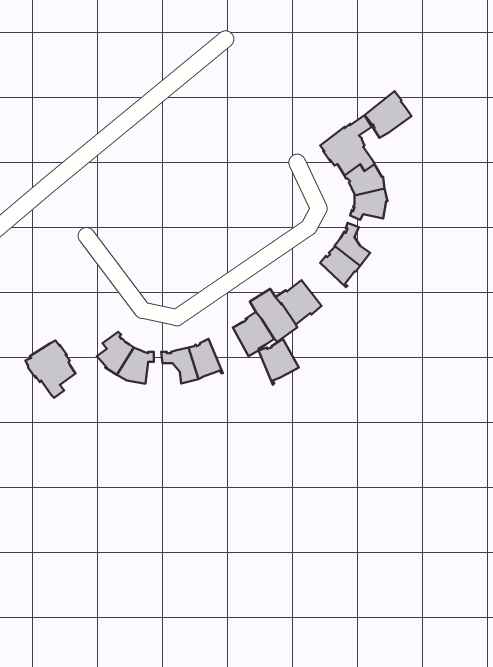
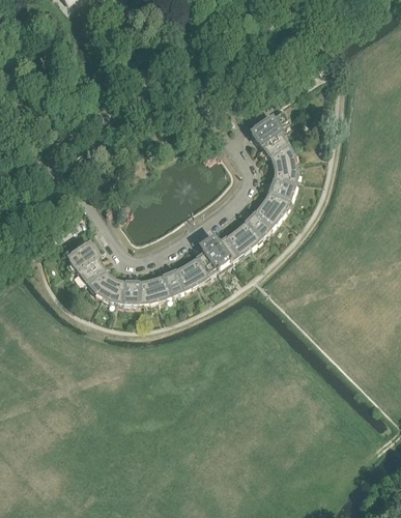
building: [365,91,411,138] -> none
building: none -> [268,182,294,210]
building: none -> [235,218,267,249]
building: [259,339,299,385] -> [168,264,197,297]
building: [25,340,76,398] -> [66,243,103,285]
building: none -> [122,282,148,306]

